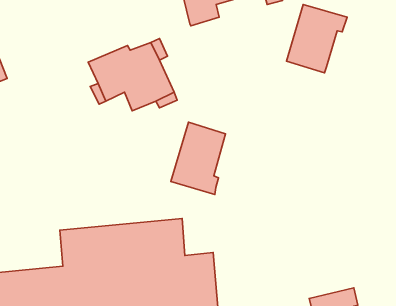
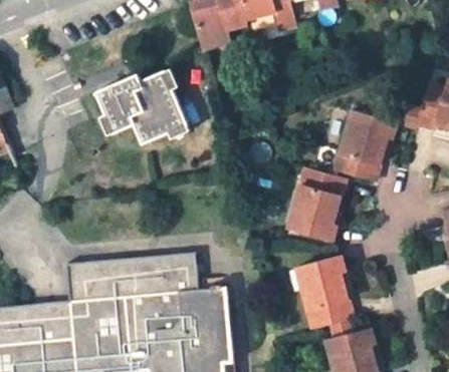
building: [286,4,347,73] -> [333,112,396,182]
building: [171,122,225,194] -> [286,167,343,242]
building: none -> [294,257,348,326]

